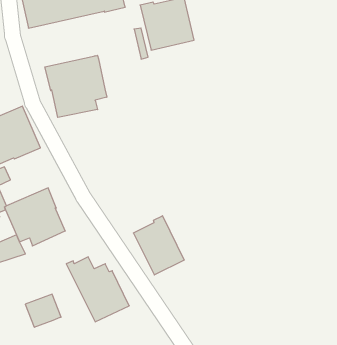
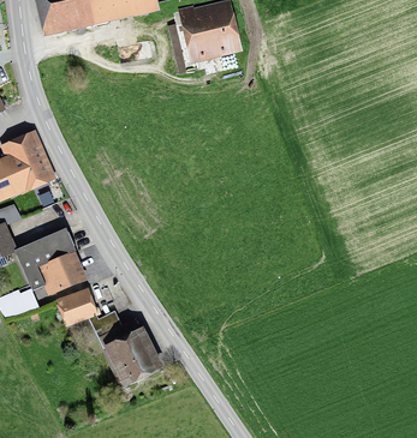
building: [45,55,107,117] -> none
building: [133,216,184,275] -> none
building: [25,294,61,327] -> [54,287,97,326]

